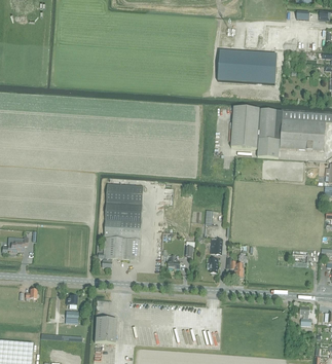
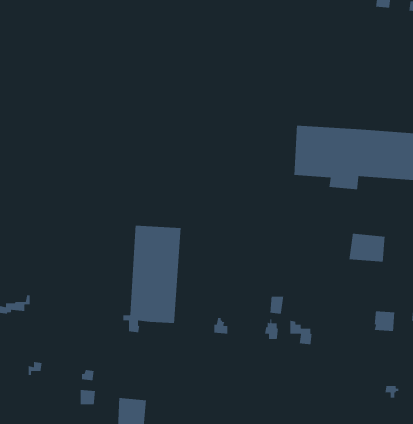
building: [216,59,275,93] -> none
building: none -> [348,233,385,262]

